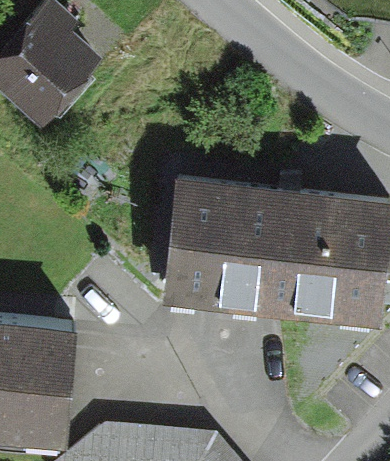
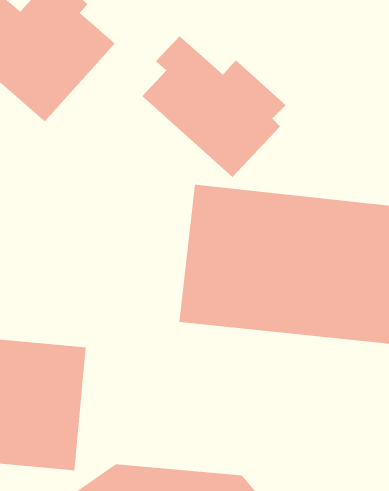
building: none -> [141,35,287,178]

